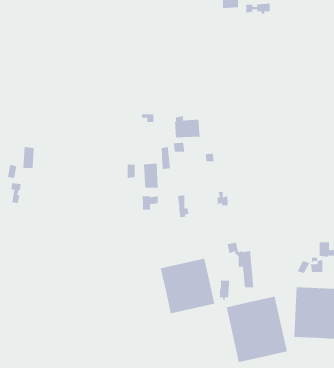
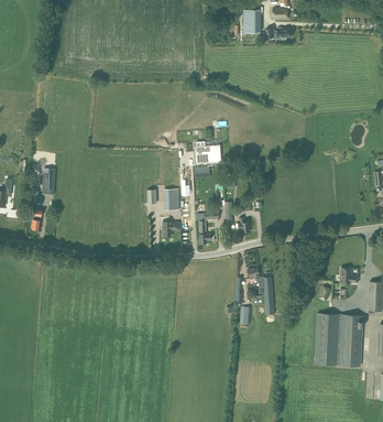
building: [160,258,215,314] -> none
building: [226,296,287,363] -> none

